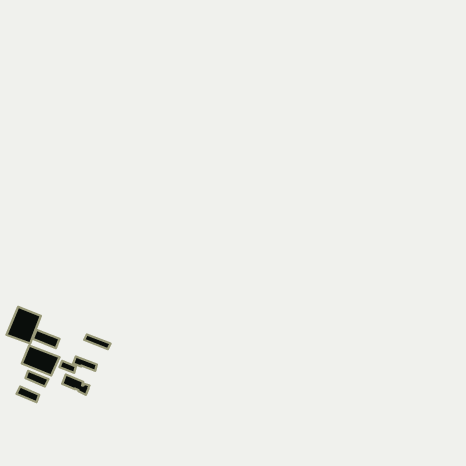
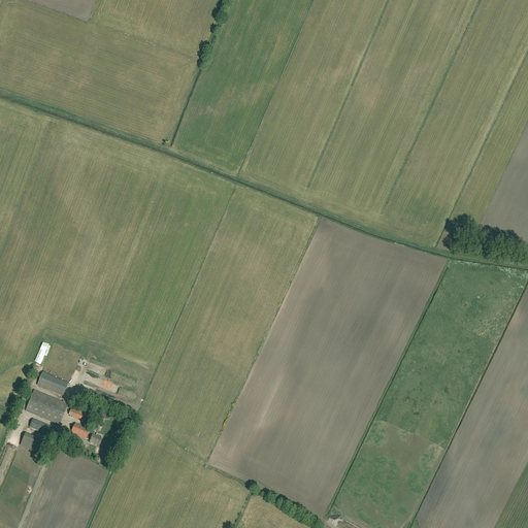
building: [7,307,41,344] -> none

